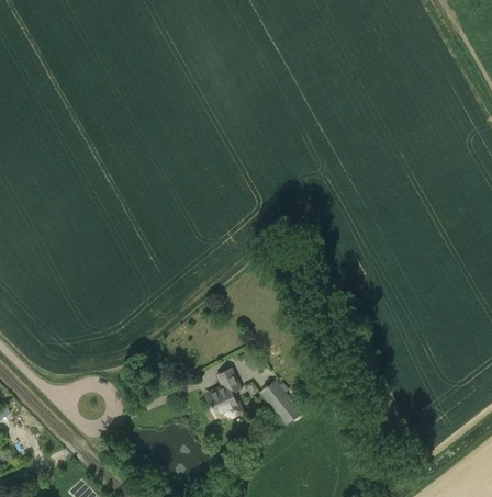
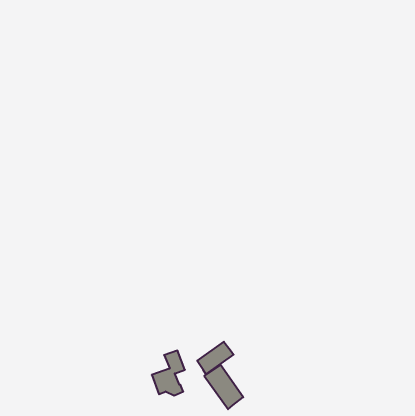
building: none -> [197,342,234,374]

